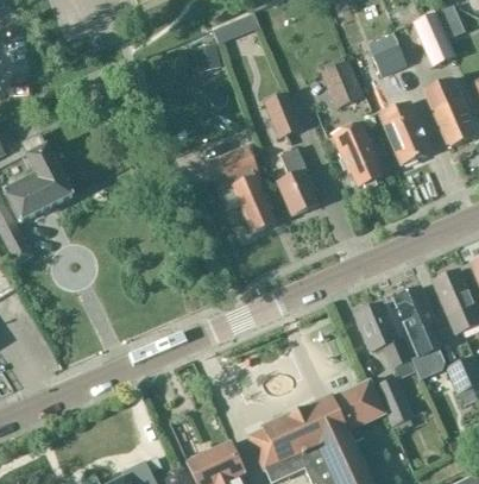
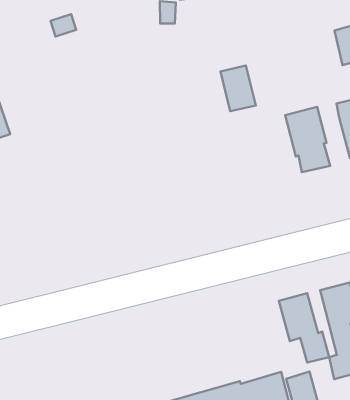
building: [321,59,364,108] -> none
building: [220,146,277,233] -> none
building: [278,147,320,215] -> none

